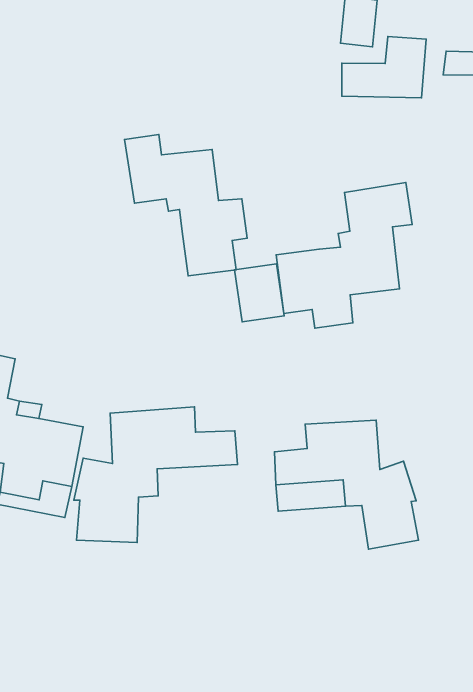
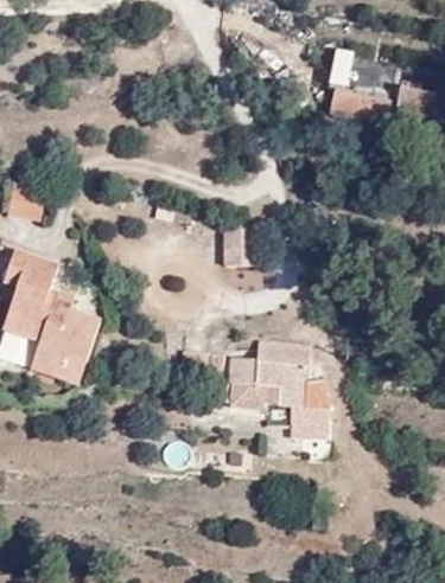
building: [124,134,247,276] -> none
building: [276,182,412,328] -> none
building: [74,407,237,543] -> none

